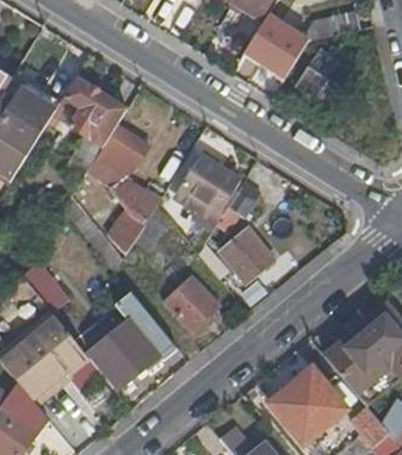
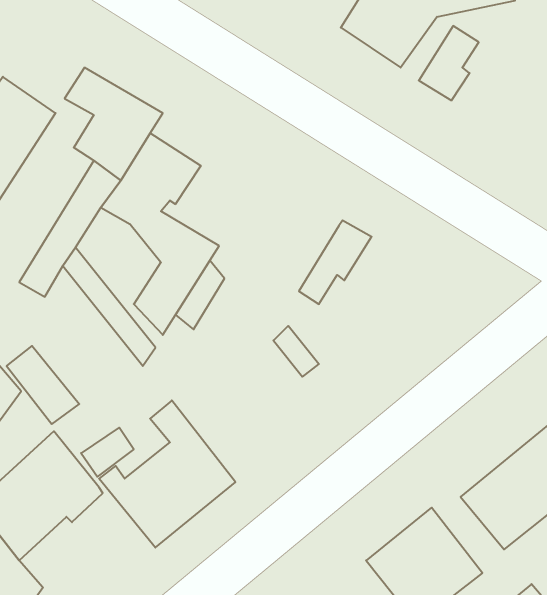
building: [178,154,243,232] -> none
building: [223,231,278,287] -> none
building: [166,279,221,335] -> none

